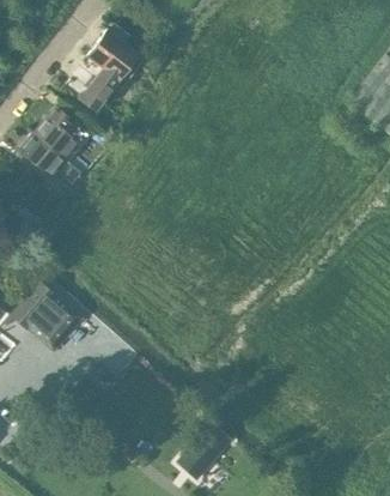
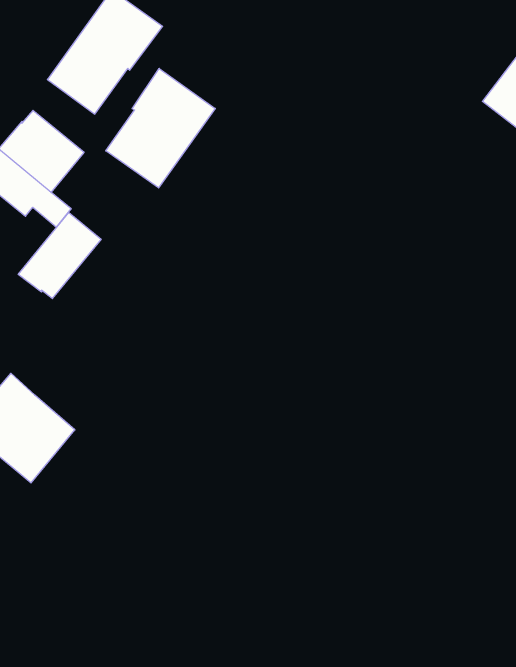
building: none -> [106,68,215,188]
building: none -> [18,212,101,299]

